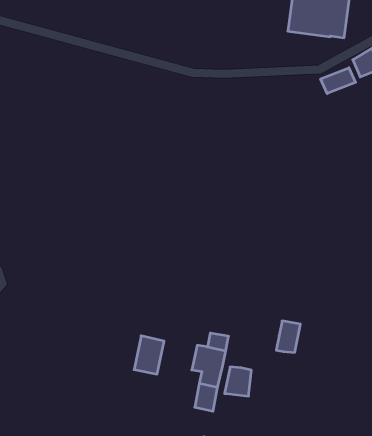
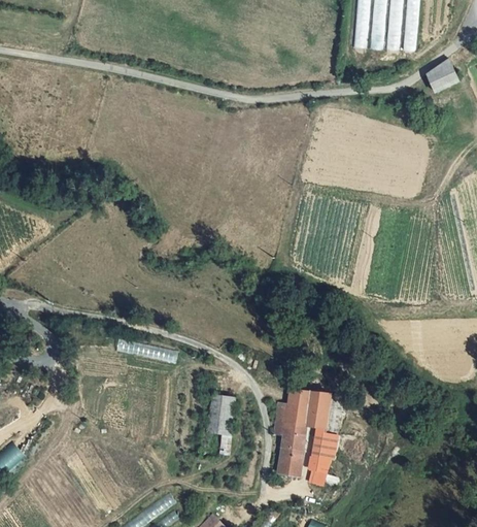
building: [321,68,356,94] -> none
building: [276,321,300,352] -> [305,390,330,424]
building: none -> [309,454,336,483]

